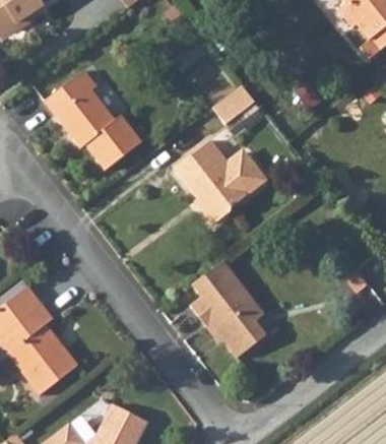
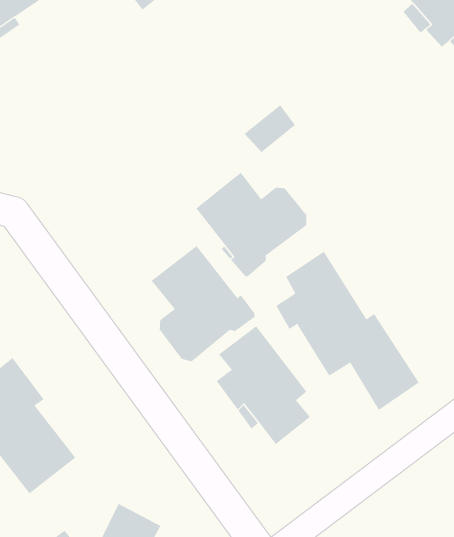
building: [43,71,140,172] -> none
building: none -> [151,245,255,362]
building: none -> [275,251,419,411]

